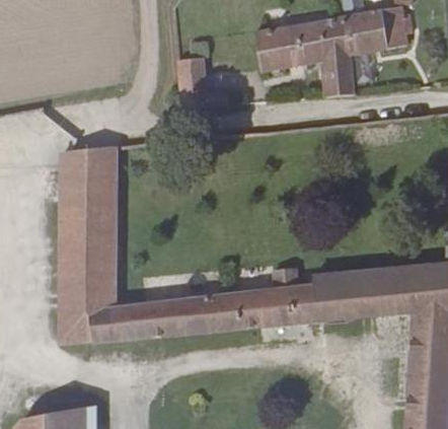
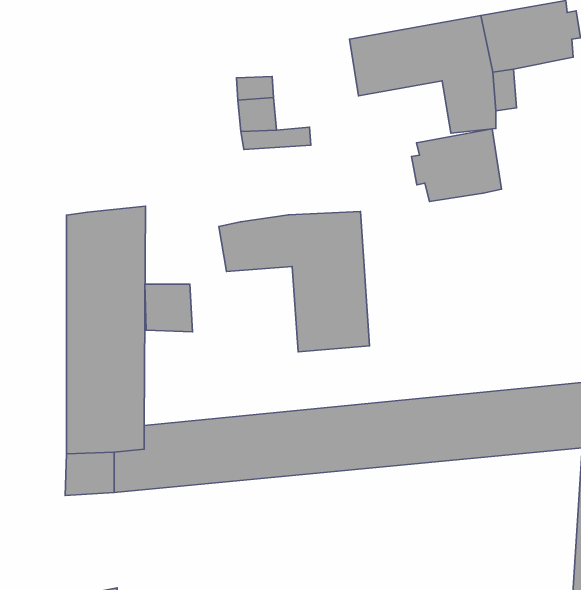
building: none -> [412,129,501,201]
building: none -> [219,211,370,352]
building: none -> [145,284,192,332]

